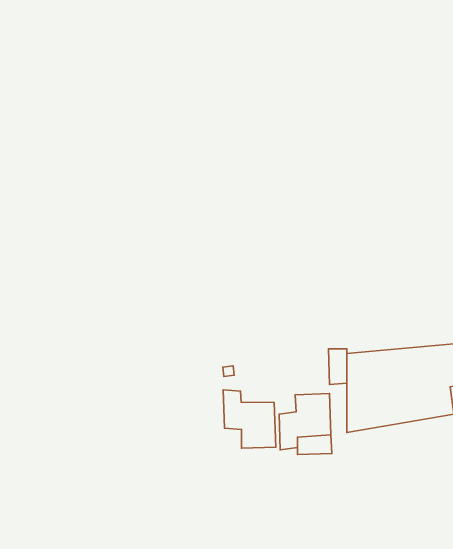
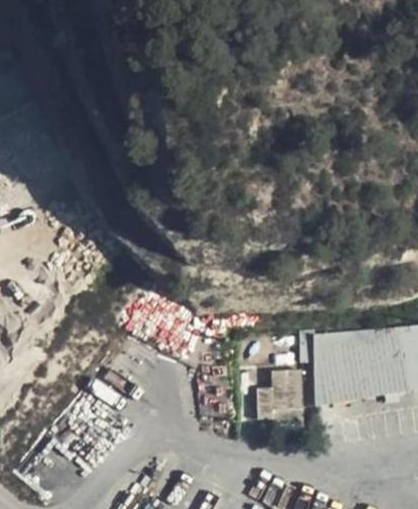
building: [223,390,276,448] -> none

